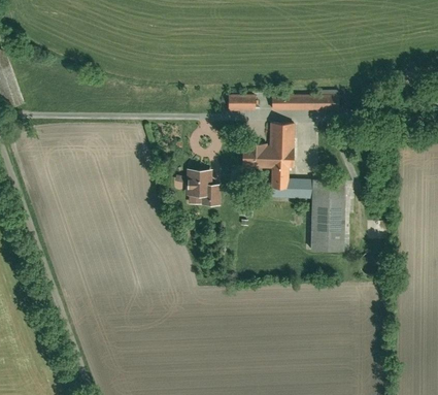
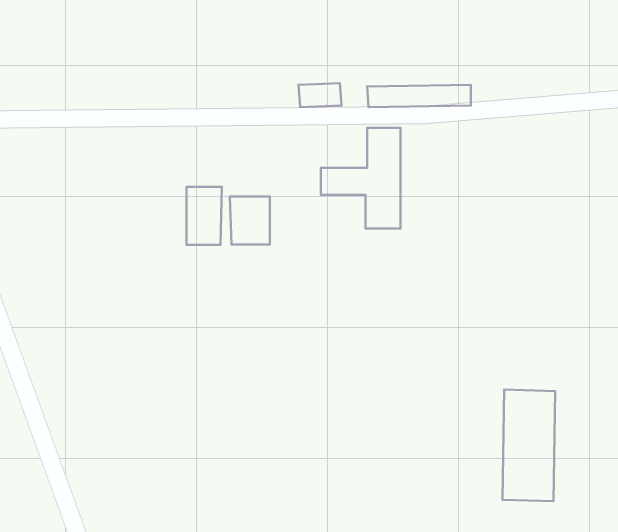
building: none -> [186,187,222,245]
building: [311,179,345,252] -> [502,390,555,501]

